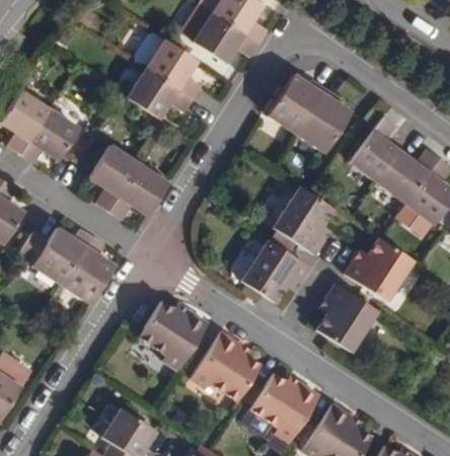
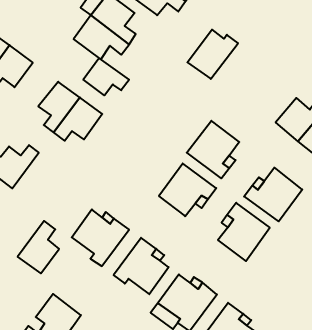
building: [295,88,351,153] -> none
building: none -> [83,58,129,95]
building: [350,118,400,181] -> none
building: [63,236,113,300] -> [18,221,59,273]

